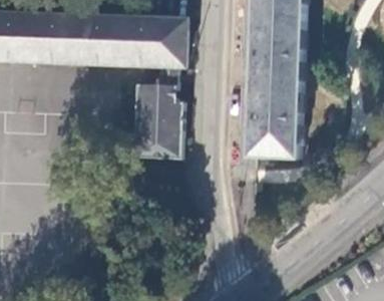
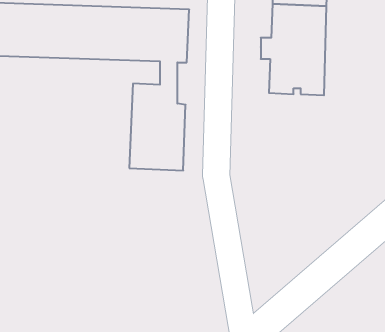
building: [244,88,300,160] -> none

